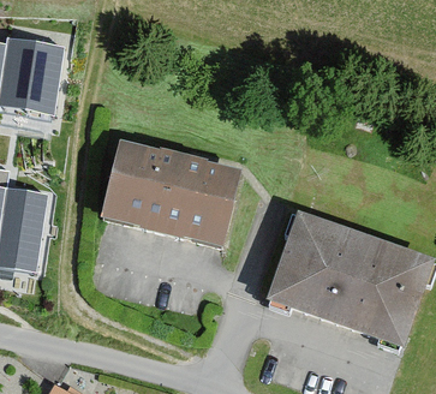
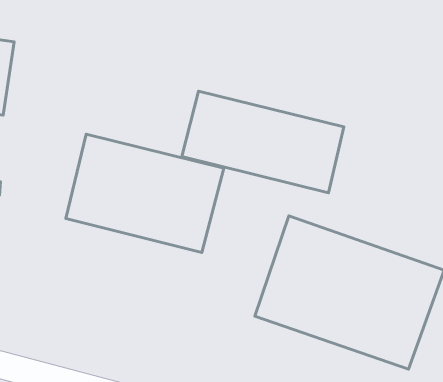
building: none -> [182,91,344,193]

